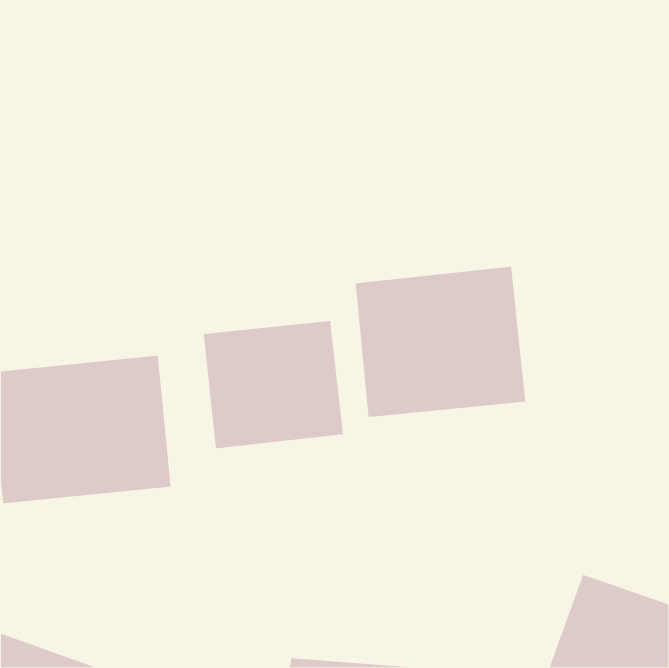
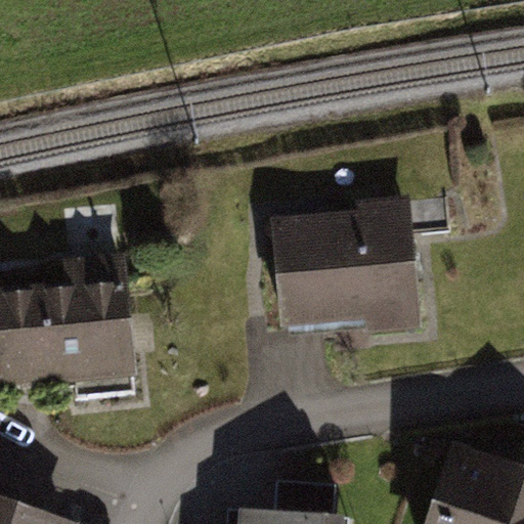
building: [203,320,344,449] -> none

